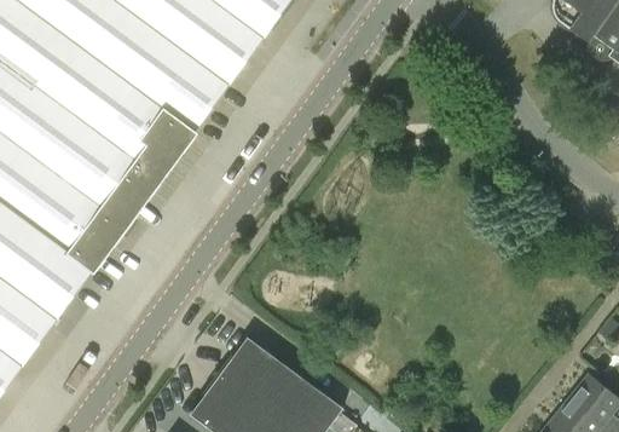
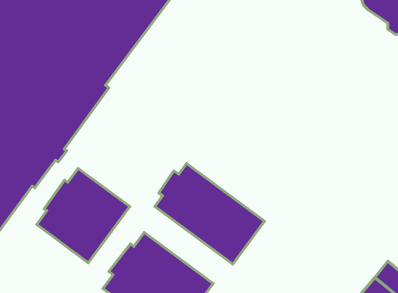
building: none -> [155,164,264,264]
building: none -> [37,168,130,263]

